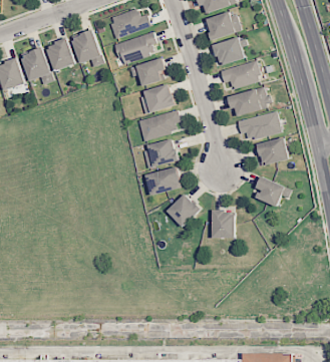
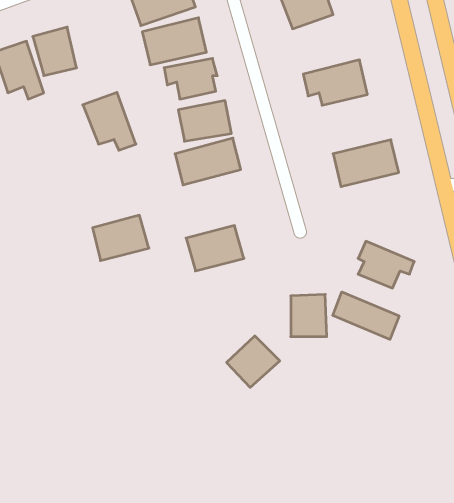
building: [70,30,104,67] -> [83,92,136,150]
building: [213,37,244,65] -> none
building: [229,86,270,115] -> none
building: [256,137,289,166] -> none
building: [142,139,179,168] -> [93,215,149,261]
building: [167,194,201,227] -> [227,336,280,387]
building: none -> [333,292,399,339]

